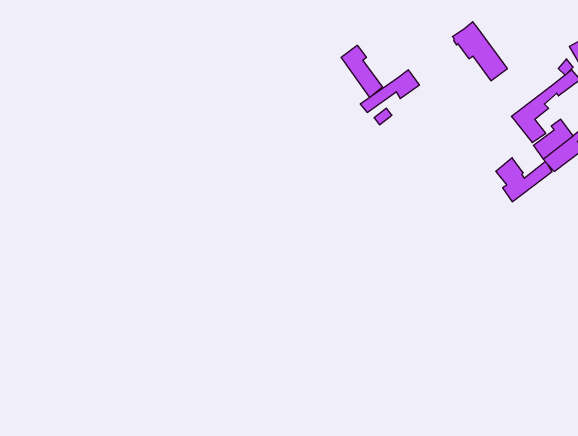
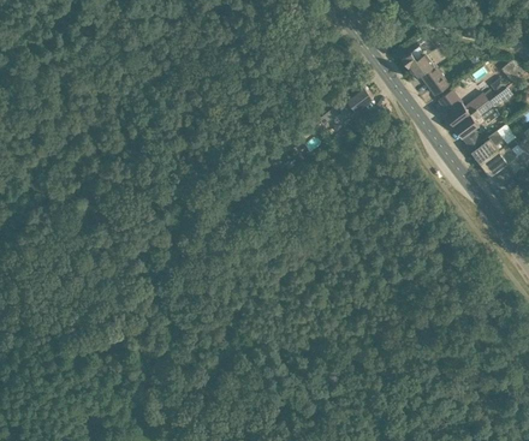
building: [341,45,382,97] -> none
building: [496,158,552,202] -> [439,89,488,127]

